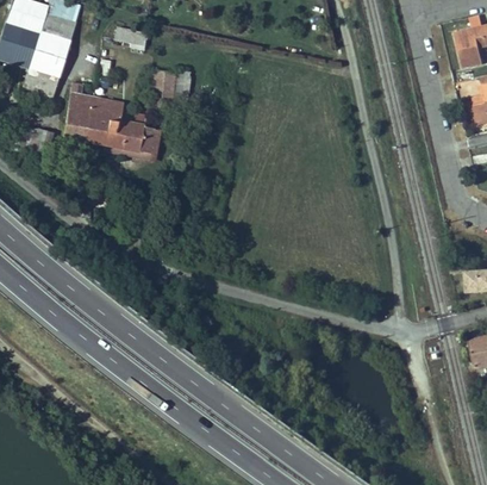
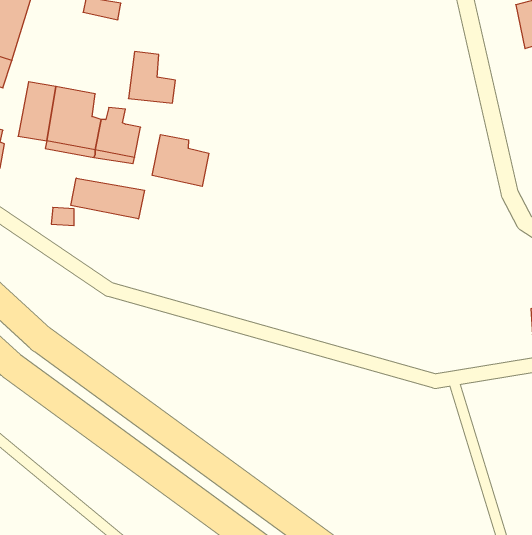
building: none -> [152,135,209,186]
building: none -> [71,178,144,219]

